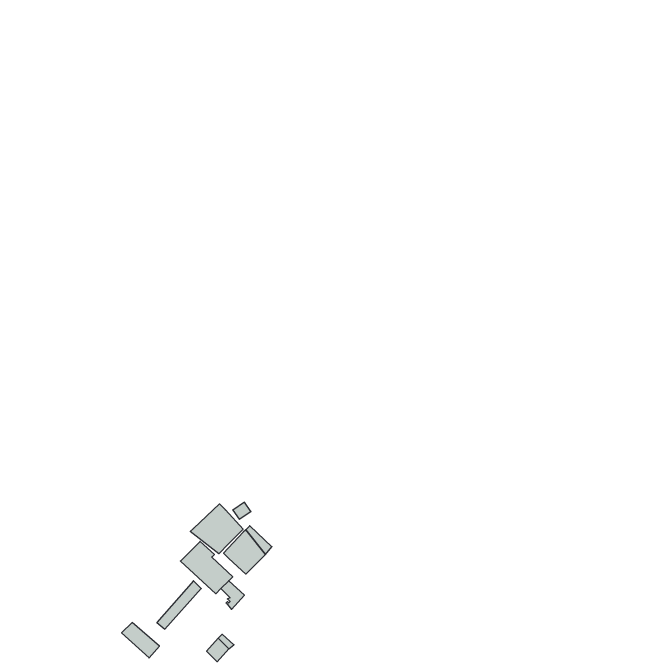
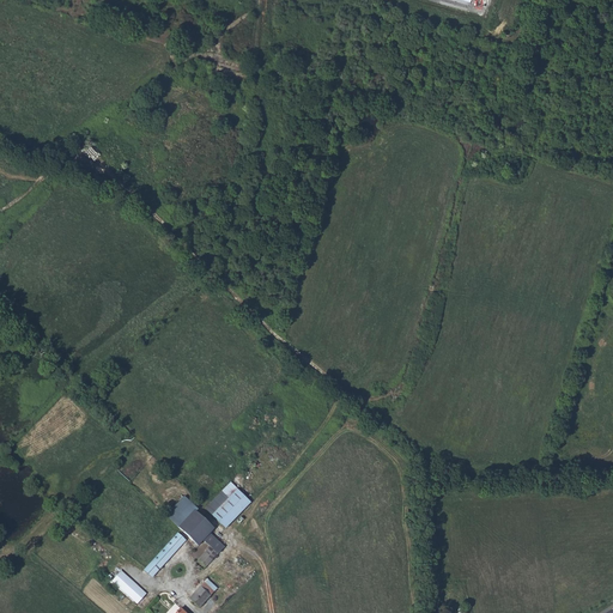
building: [190,504,243,554] -> none

